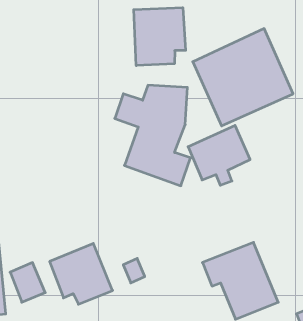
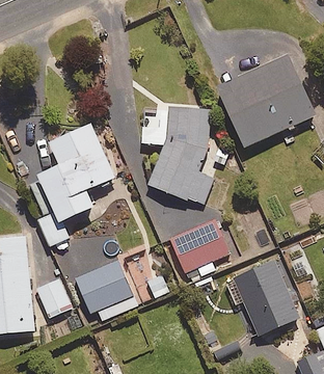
building: [134,8,186,66] -> none
building: none -> [37,123,114,246]
building: [188,125,250,185] -> [171,219,232,277]

